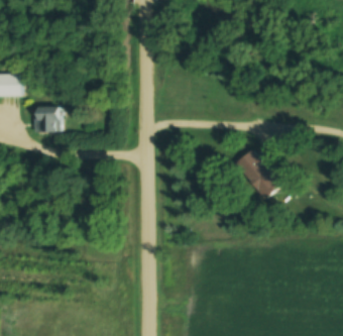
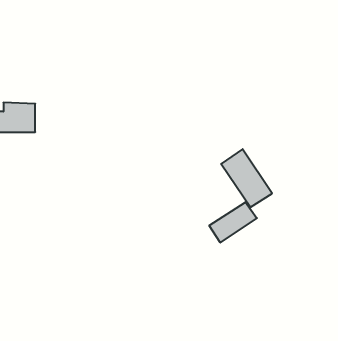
building: none -> [209,202,257,243]

